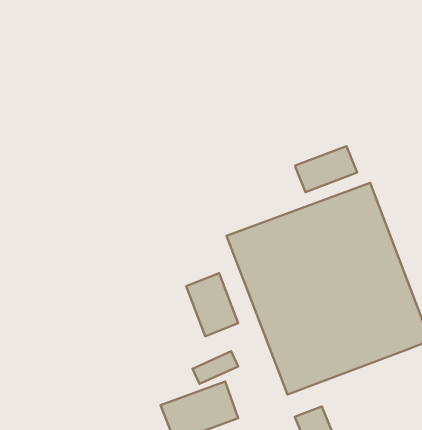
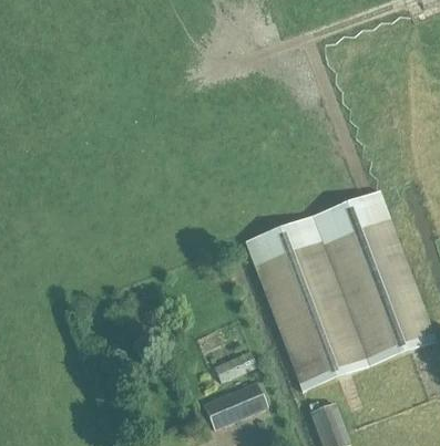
building: [295,146,357,192] -> none
building: [186,273,238,336] -> none

